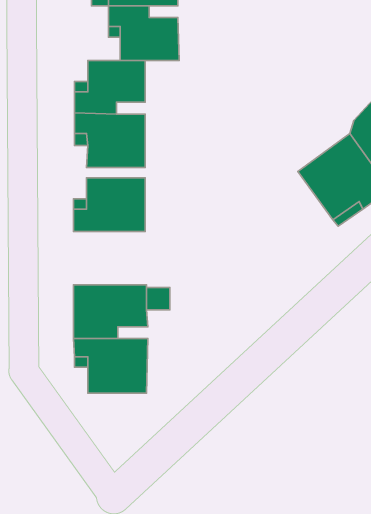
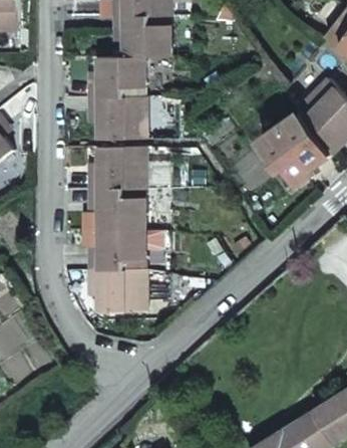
building: none -> [87,189,143,230]

